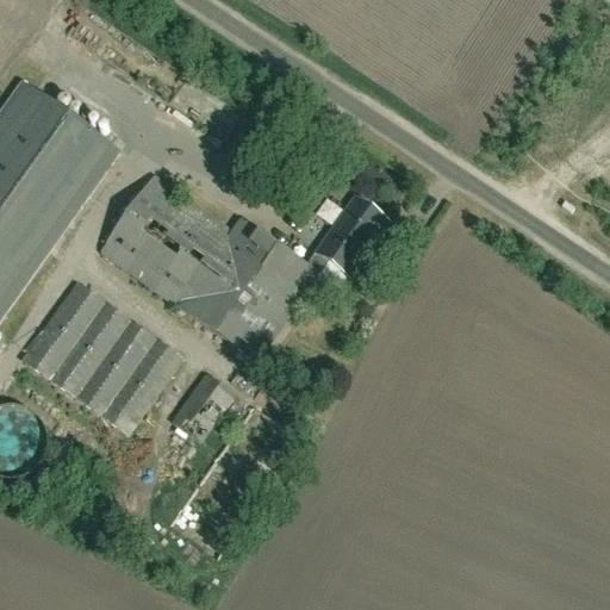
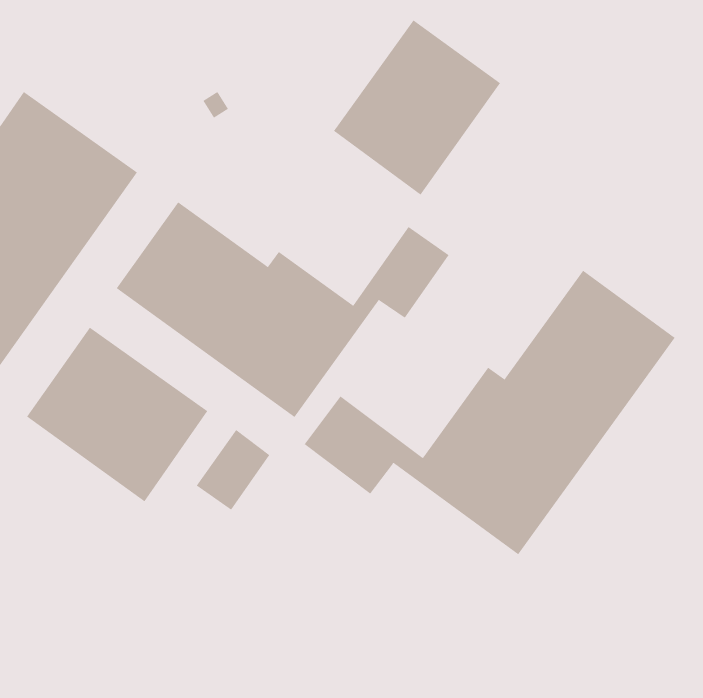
building: none -> [333,20,501,195]
building: none -> [304,270,675,555]

